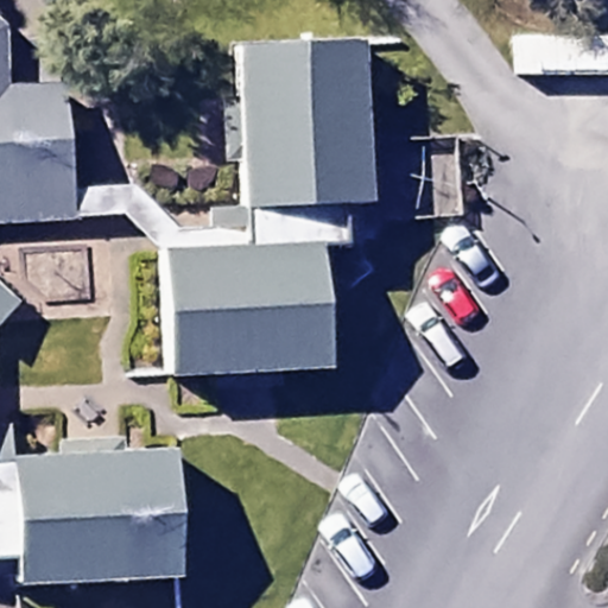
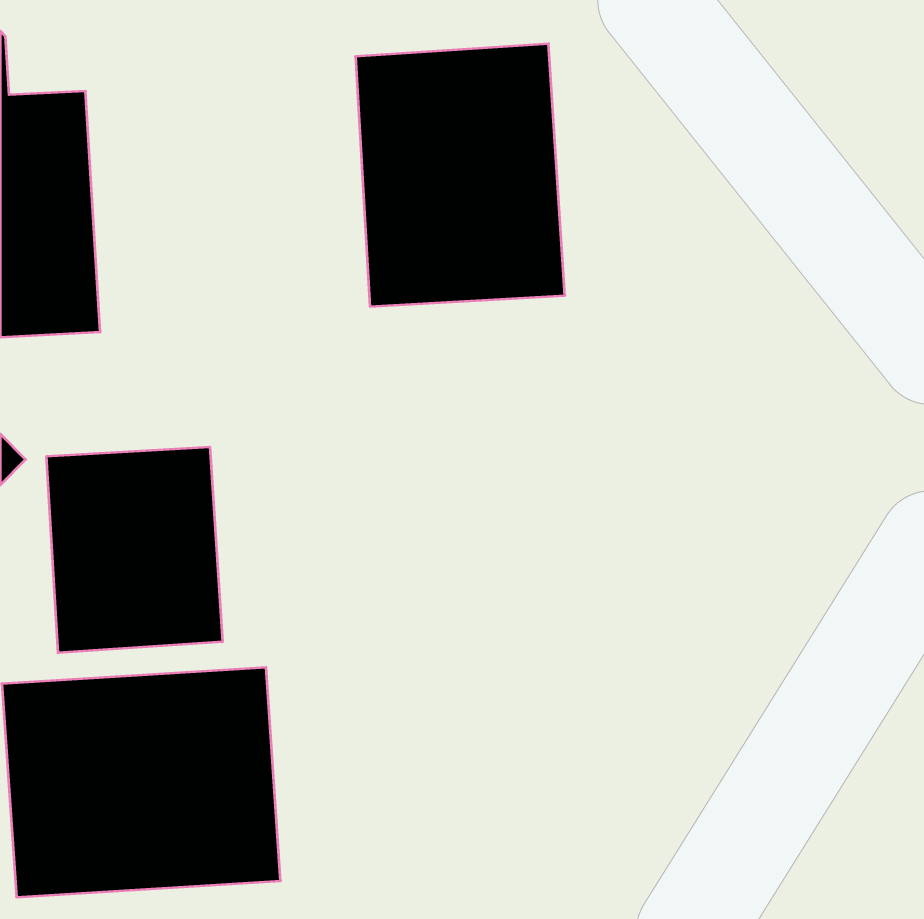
building: [163,240,334,375] -> none
building: none -> [47,447,222,653]

